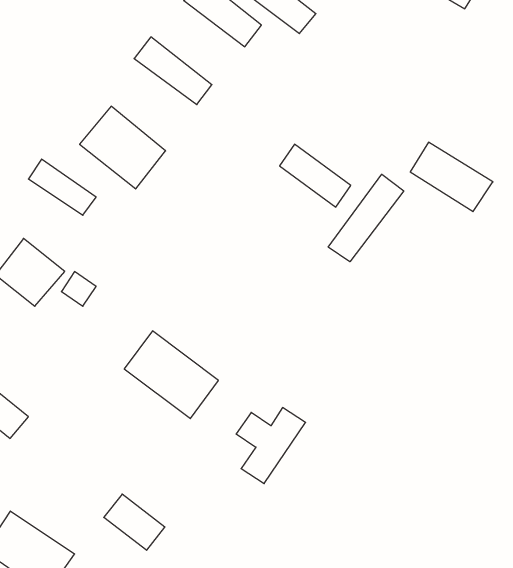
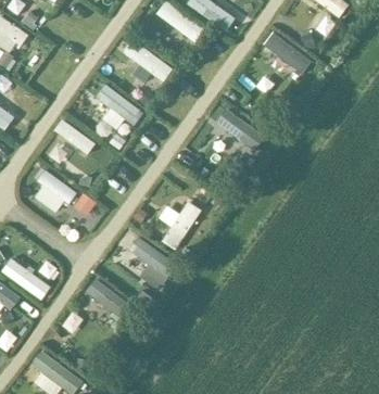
building: [410,142,493,212] -> [262,28,316,74]
building: [328,174,404,262] -> none
building: [236,408,306,484] -> [157,200,203,250]
building: [104,494,165,550] -> [85,276,125,313]

